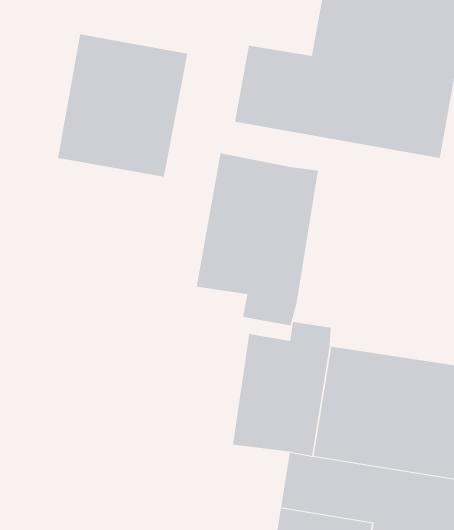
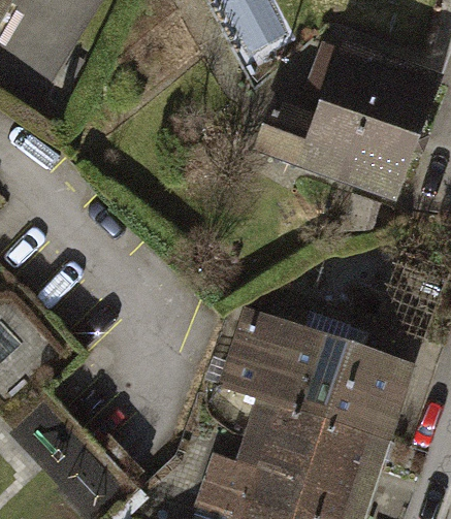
building: [58,34,188,178] -> none
building: [196,153,319,326] -> none

